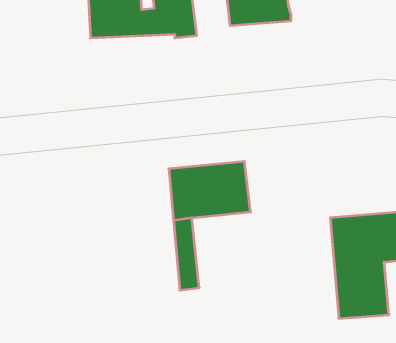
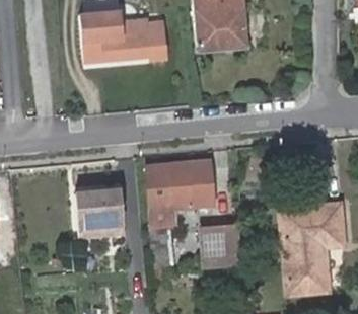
building: none -> [76,186,122,224]
building: none -> [203,215,243,260]

